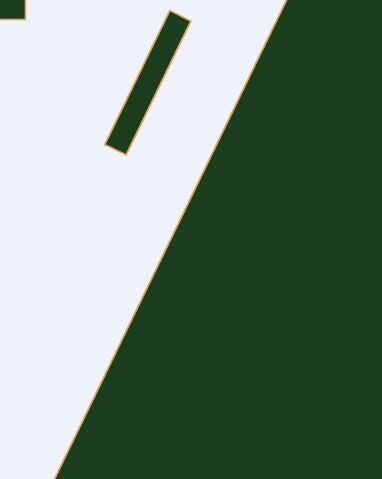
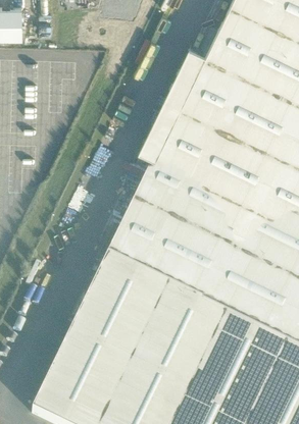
building: [105,11,191,155] -> [141,45,207,156]

